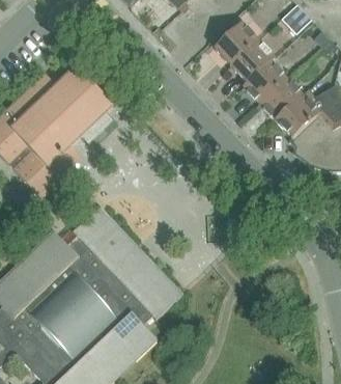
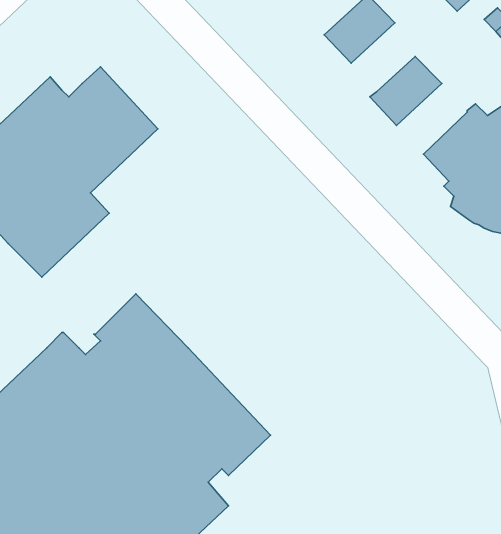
building: [231,39,275,82] -> none
building: [259,77,303,120] -> none

